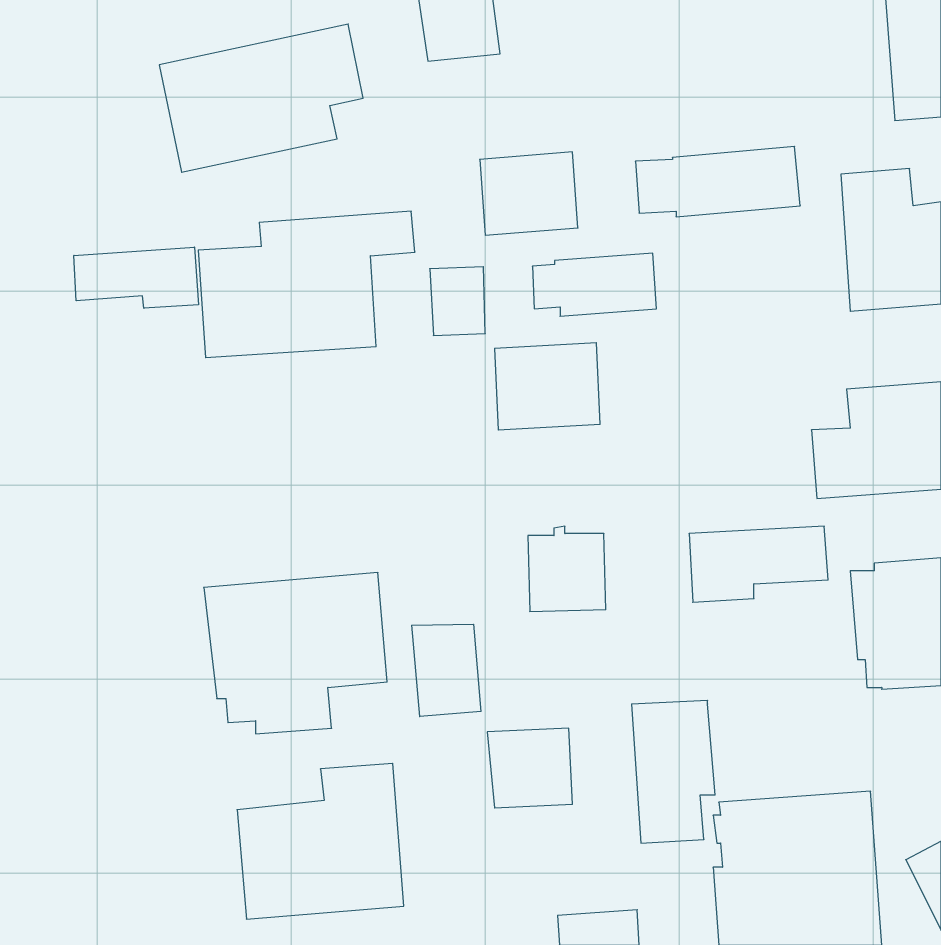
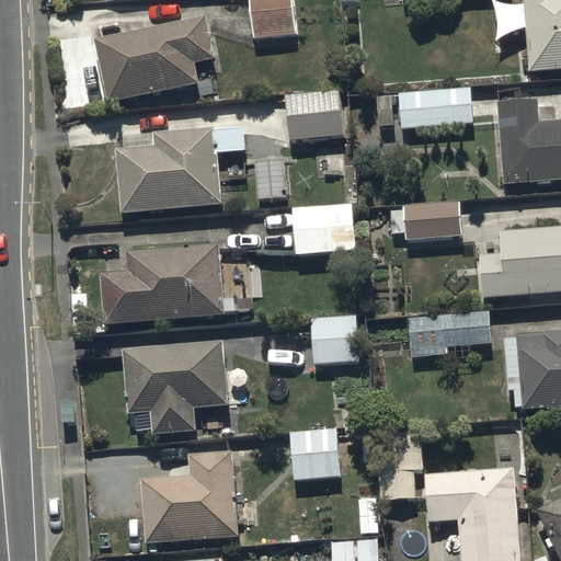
building: [74,247,198,308] -> none
building: [532,253,656,316] -> [389,202,462,239]
building: none -> [104,242,237,321]
building: [412,624,481,717] -> none

